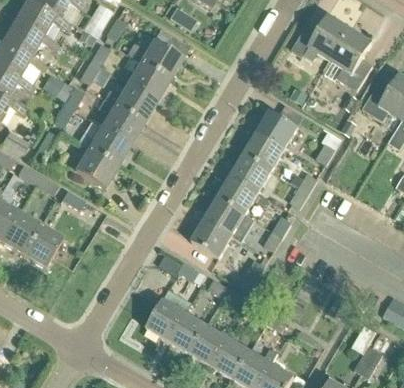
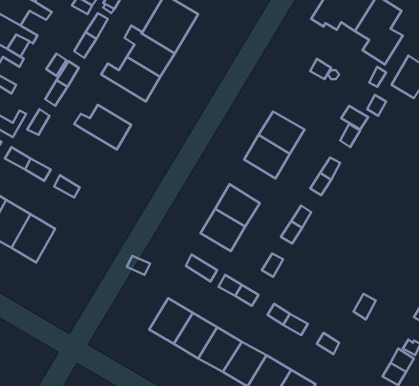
building: [97,99,143,144] -> none
building: [257,110,298,148] -> none
building: [74,148,117,188] -> none
building: [218,175,268,214] -> none

